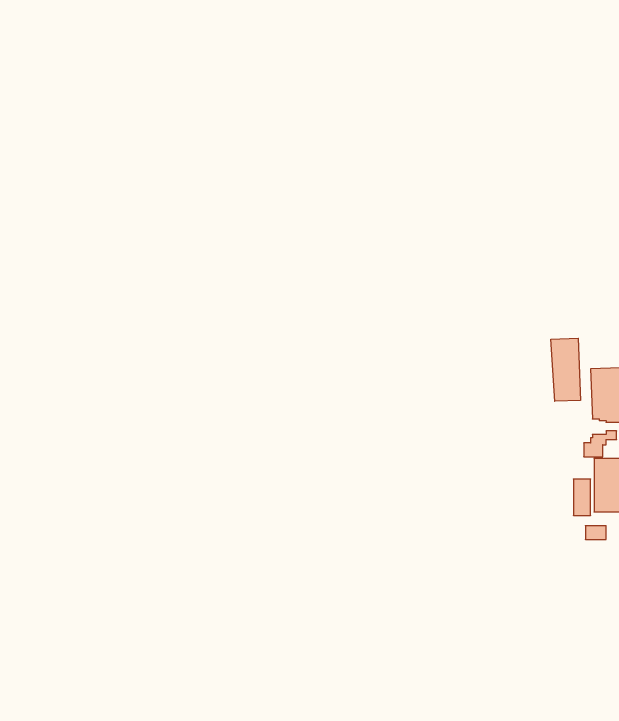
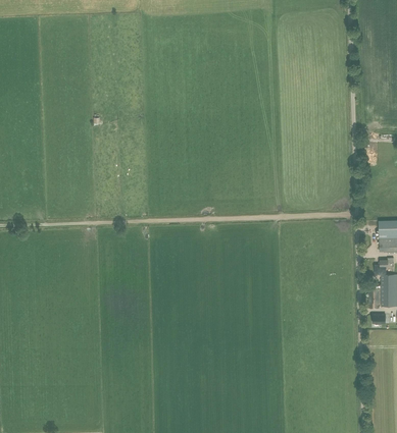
building: [551,338,580,401] -> none

